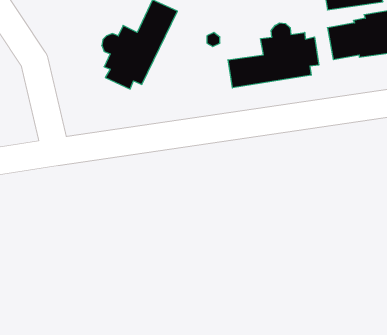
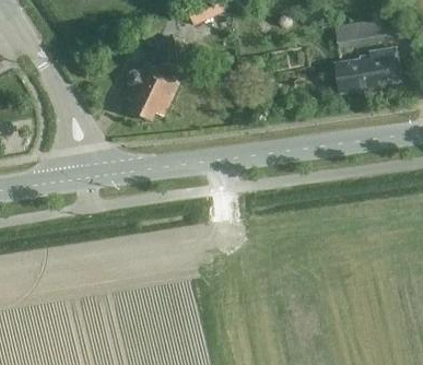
building: [228,23,319,88] -> none

